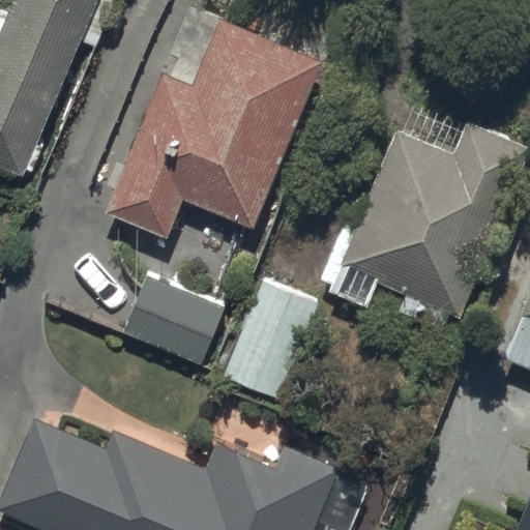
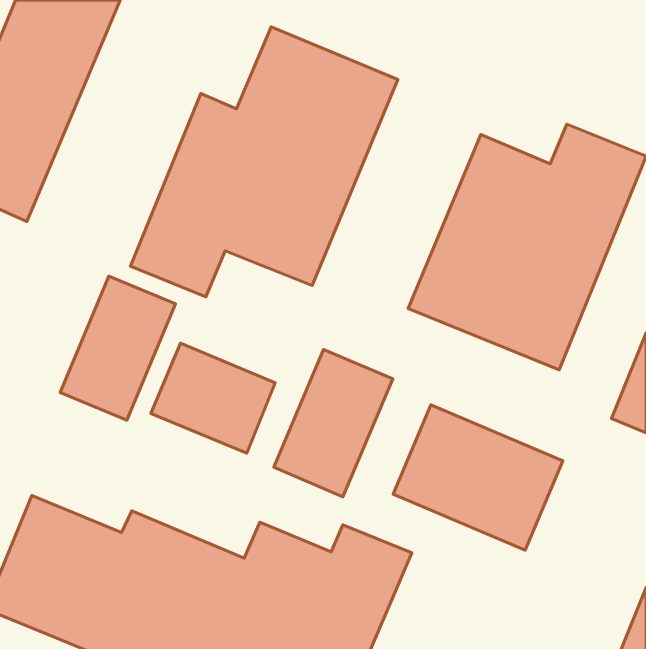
building: none -> [60,276,175,420]
building: none -> [393,405,563,550]

